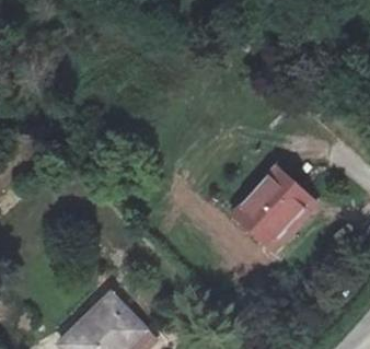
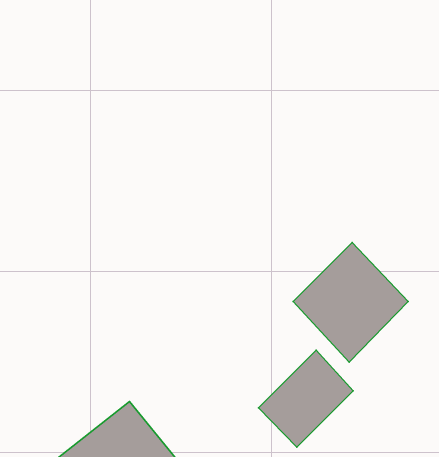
building: none -> [258,350,353,447]

